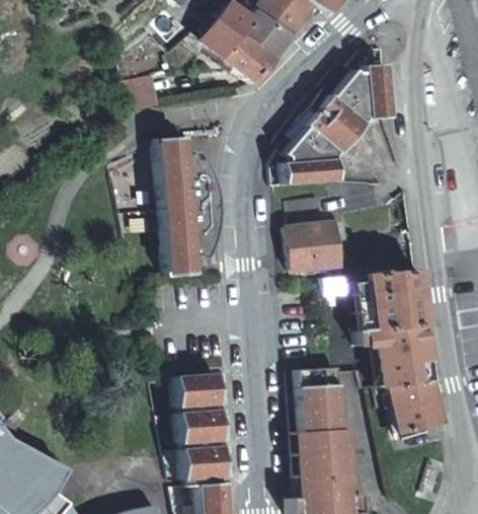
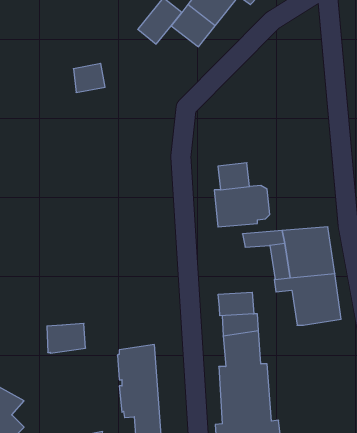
building: [222,36,270,82] -> none
building: [282,65,388,182] -> none
building: [160,145,219,285] -> none
building: none -> [218,292,254,316]
building: [391,375,447,433] -> none
building: [175,376,220,411] -> [47,323,86,353]

